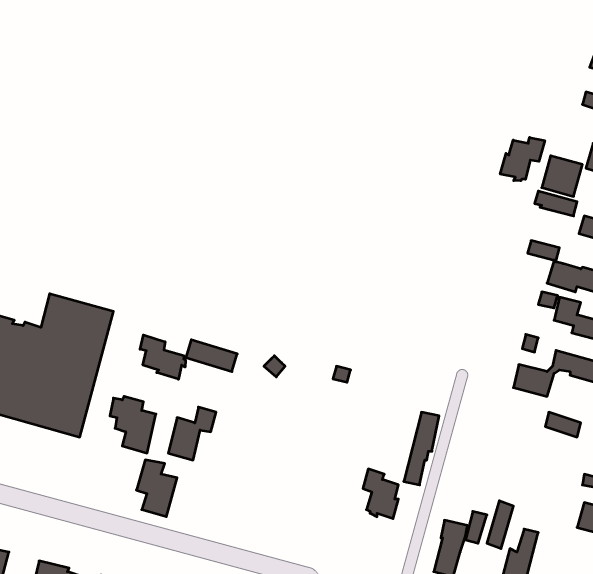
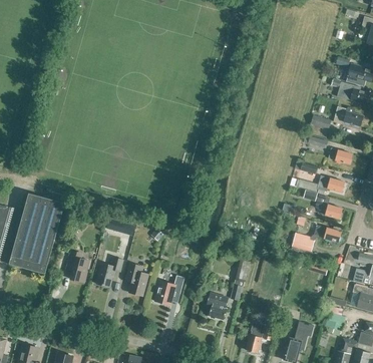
building: [500,137,545,181] -> none
building: [140,335,185,379] -> none
building: none -> [154,275,184,305]
building: [136,460,177,517] -> [125,264,148,296]

